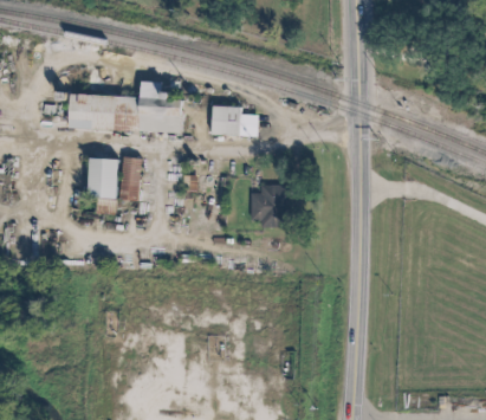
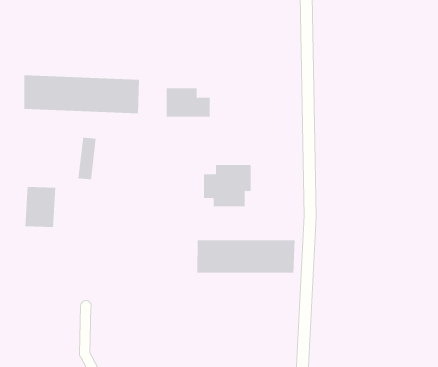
building: [89,156,121,198] -> [24,186,56,228]
building: none -> [197,240,295,274]

